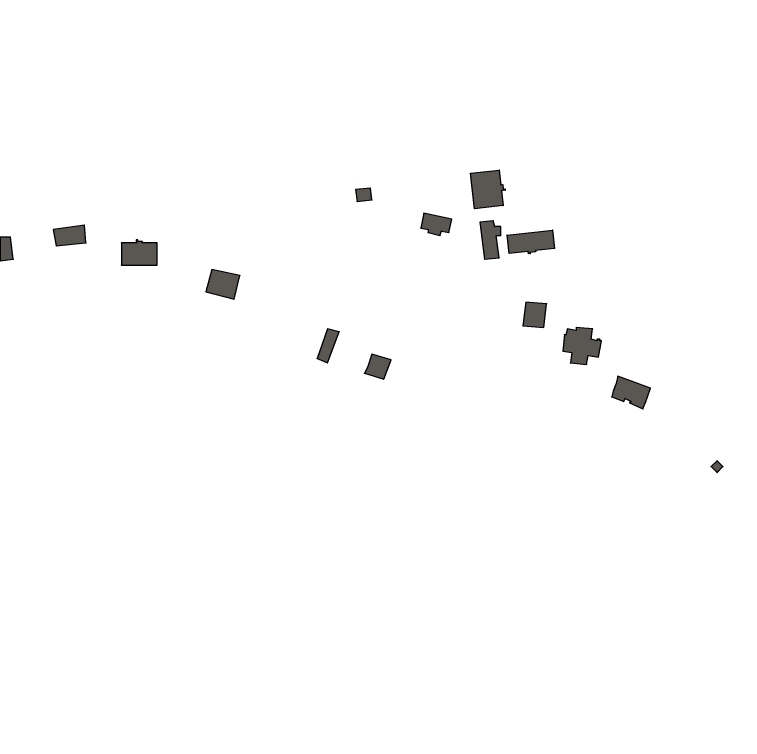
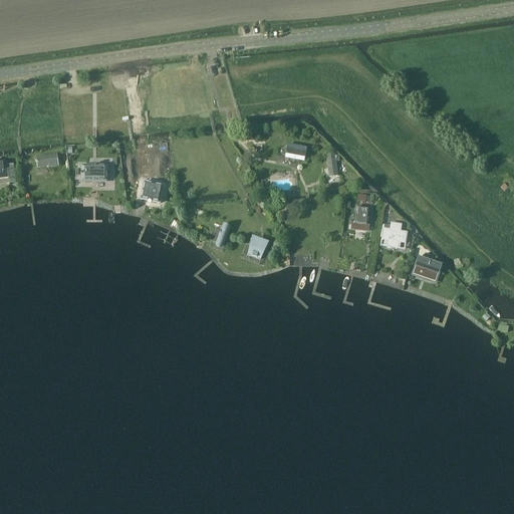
building: [471,170,505,209] -> none
building: [507,230,555,254] -> none

